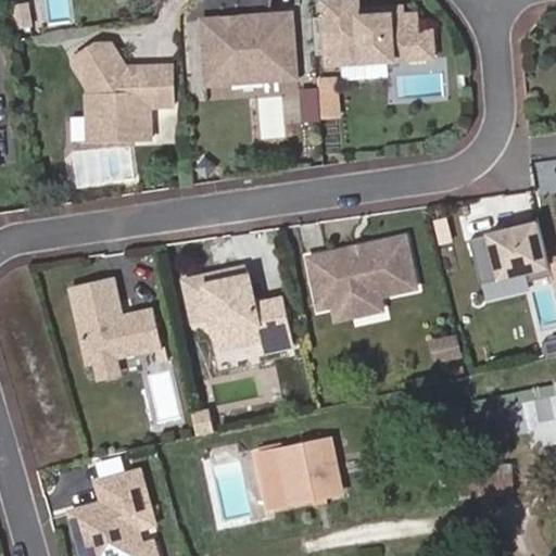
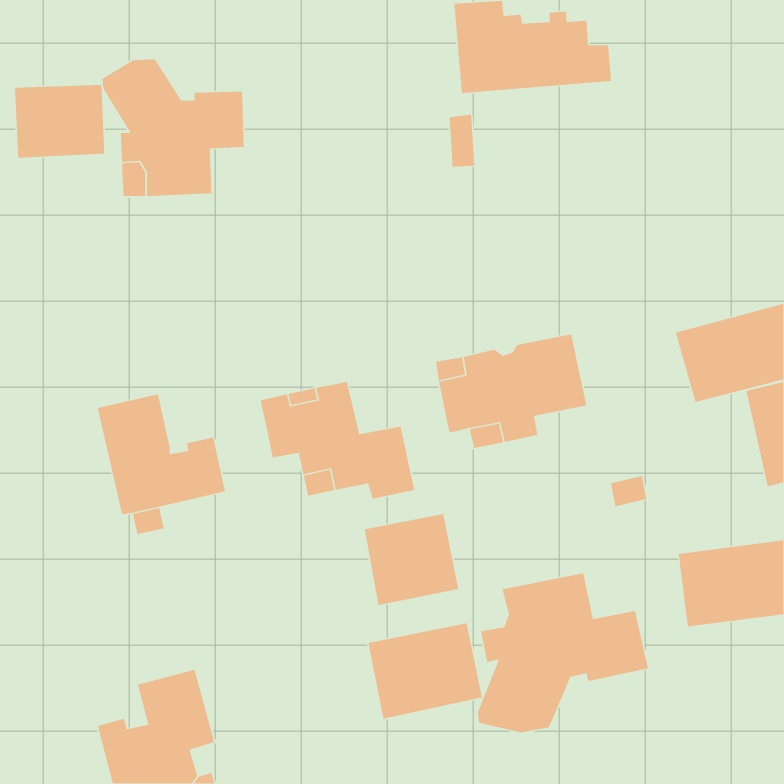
building: [201,12,294,83] -> none
building: none -> [14,84,105,158]
building: none -> [364,513,459,606]
building: none -> [477,572,649,733]

